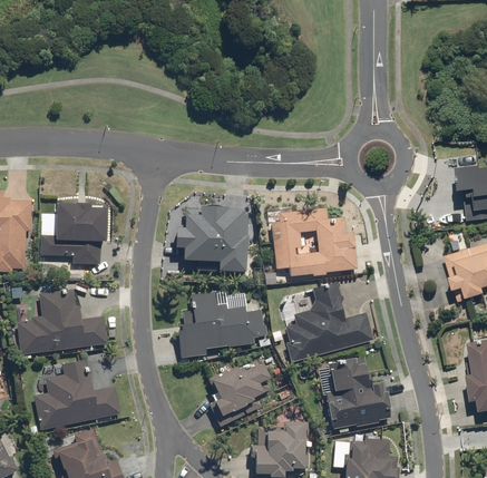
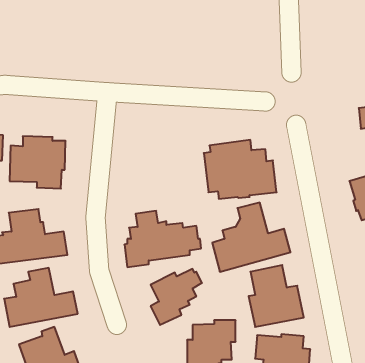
building: [173,206,246,272] -> none

